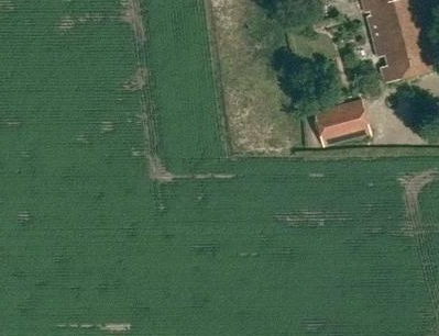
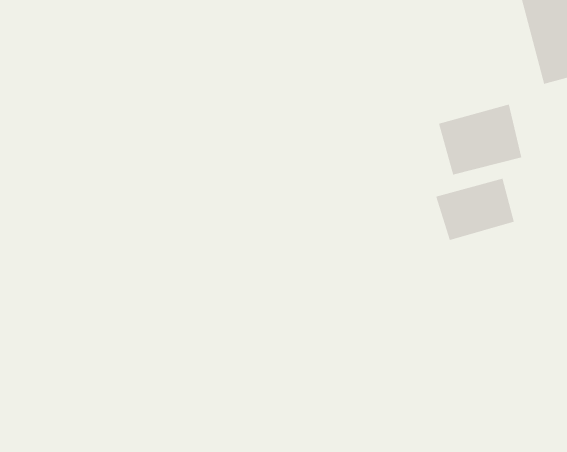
building: none -> [436,178,515,241]

